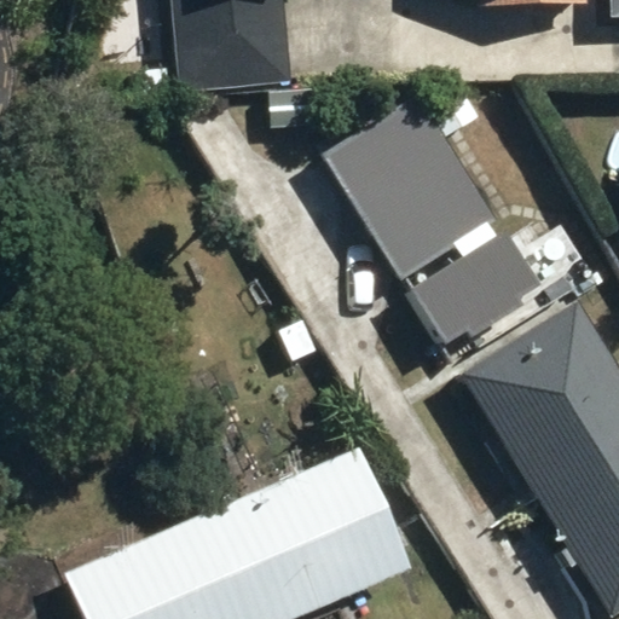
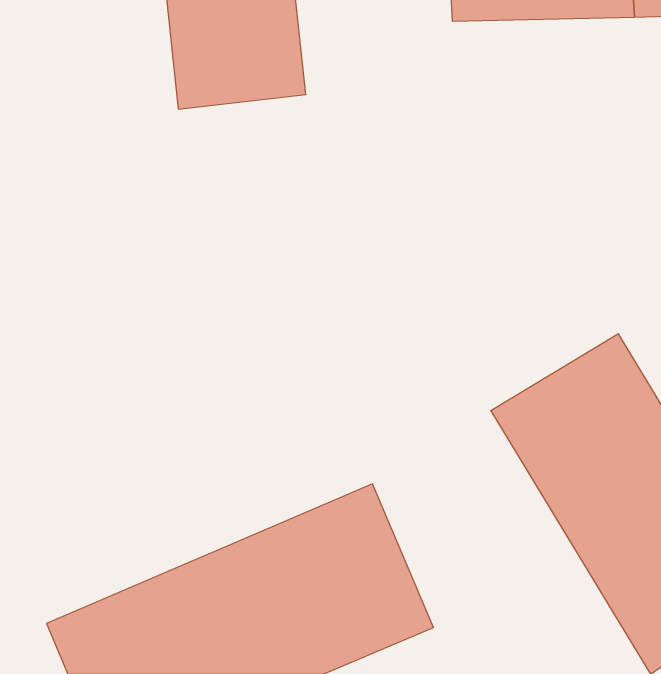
building: [320,91,550,357] -> none

